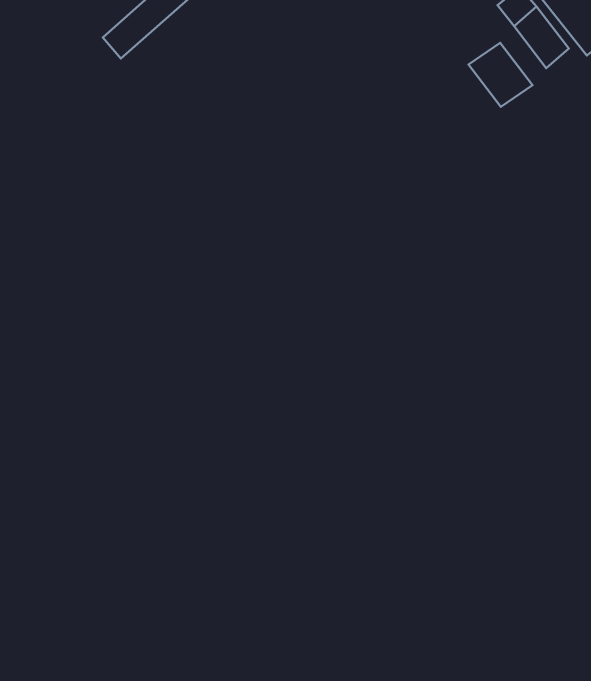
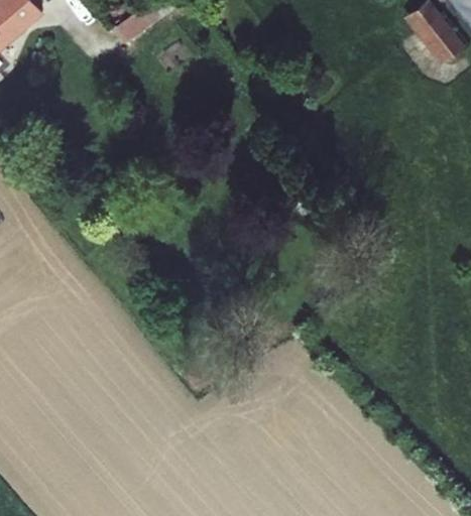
building: [469,43,532,107] -> none

